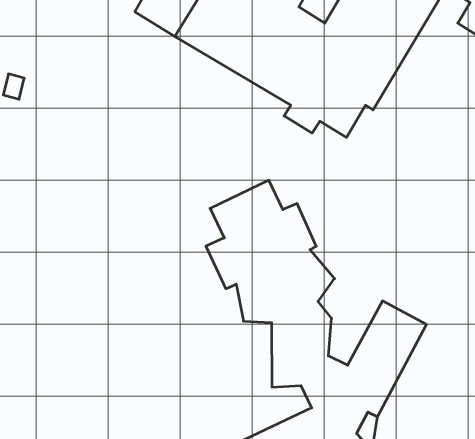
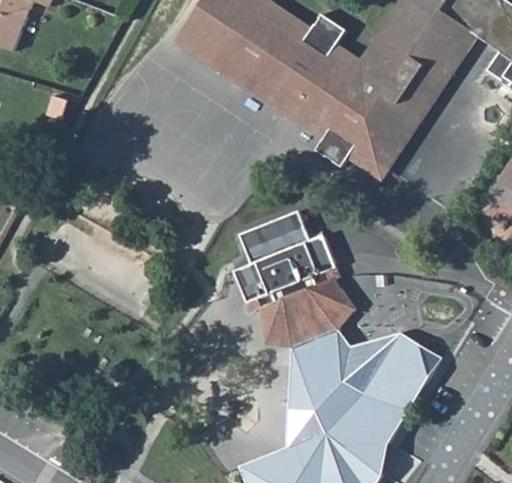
building: none -> [345,332,400,392]
building: none -> [287,409,326,447]

